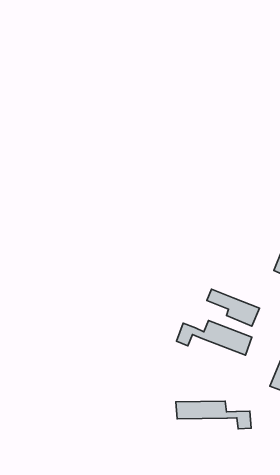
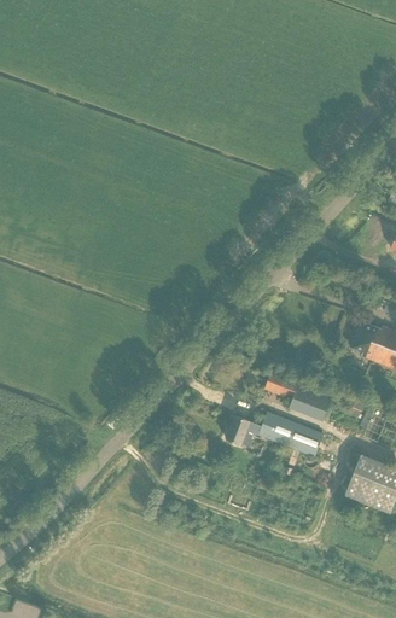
building: [176,401,251,429] -> none

